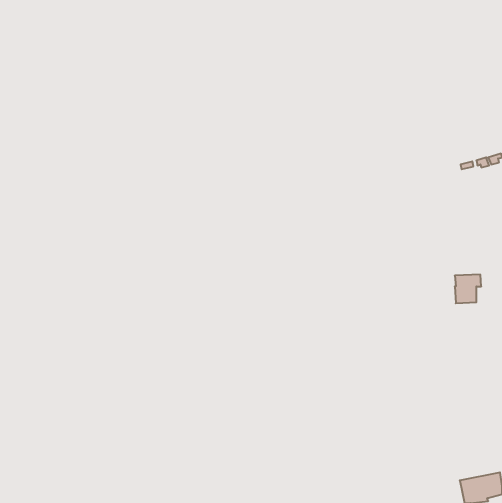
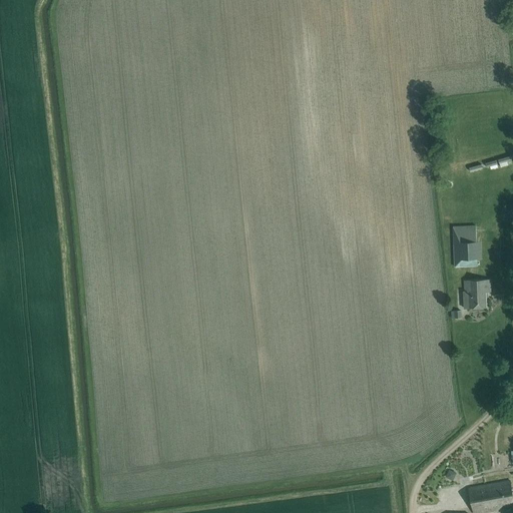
building: none -> [452,225,481,268]

